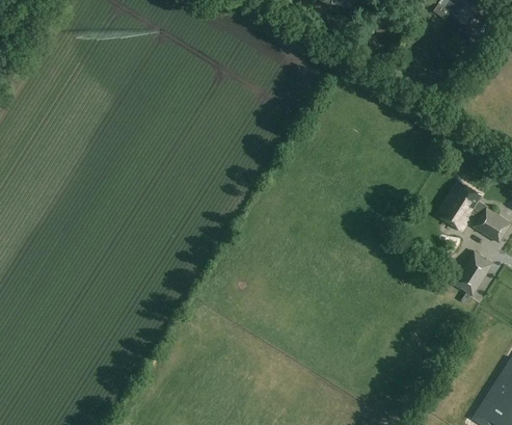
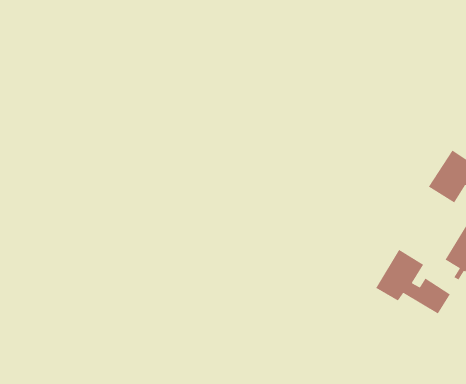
building: none -> [375,249,451,314]

